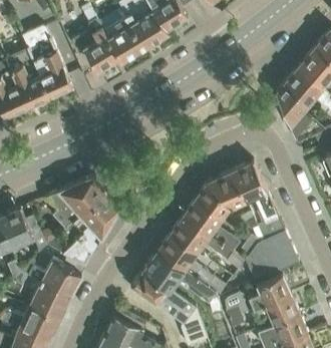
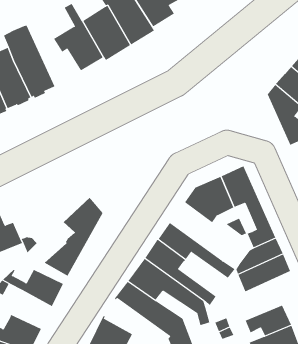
building: [45,177,106,230] -> none
building: [183,197,242,253] -> none
building: [250,275,291,310] -> none
building: [30,281,70,318] -> none

